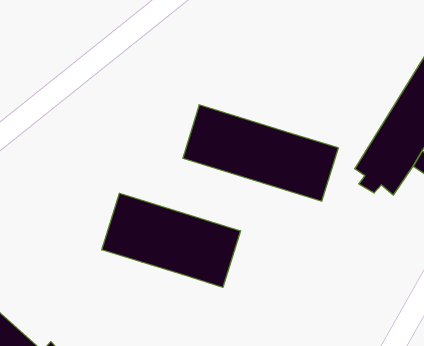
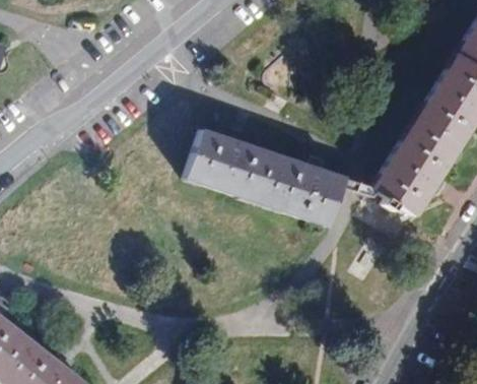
building: [102,193,241,287] -> none

